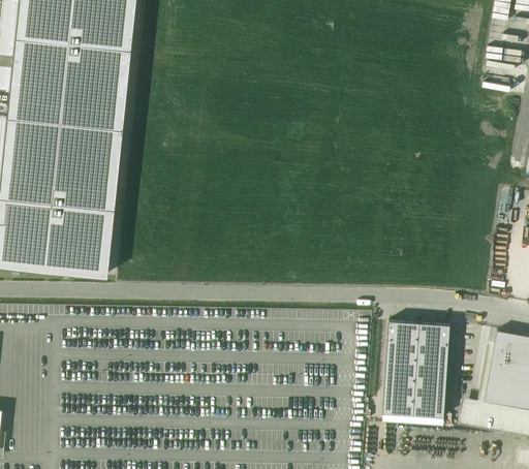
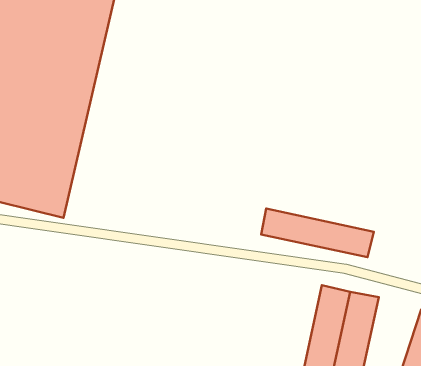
building: none -> [261,209,374,257]

